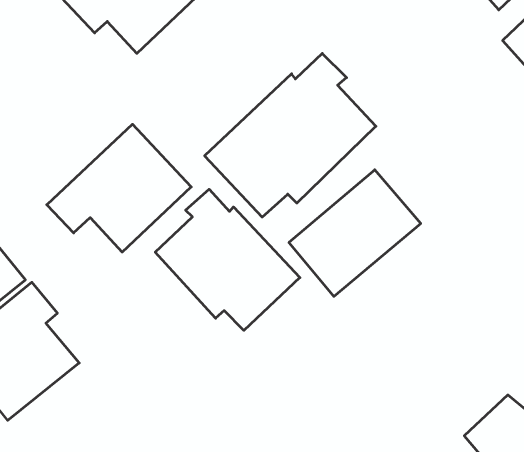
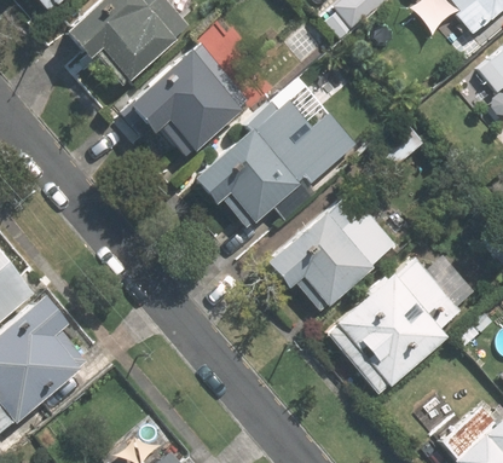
building: [47,124,191,252] -> [120,36,256,157]
building: [155,189,300,330] -> none
building: none -> [329,256,464,390]

